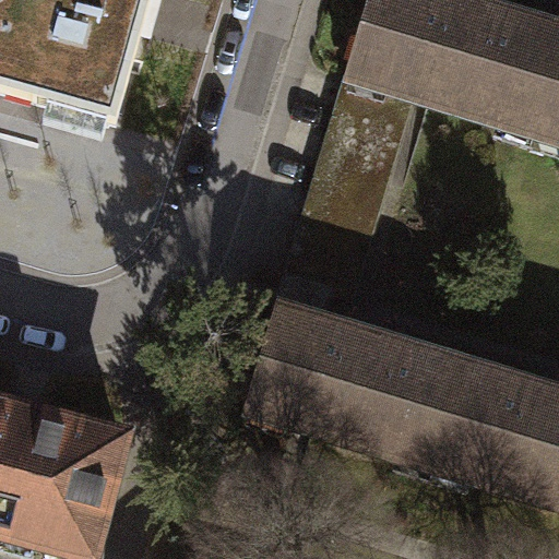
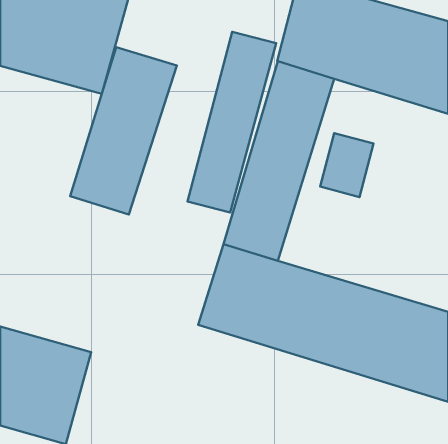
building: none -> [188,32,276,213]
building: none -> [70,47,177,214]

